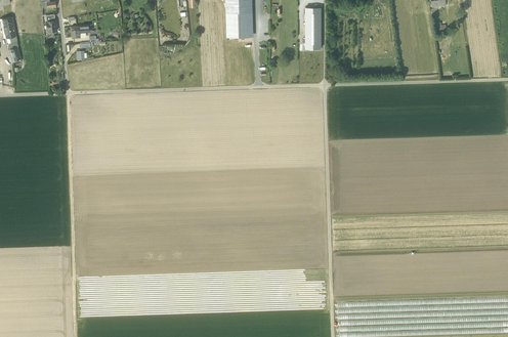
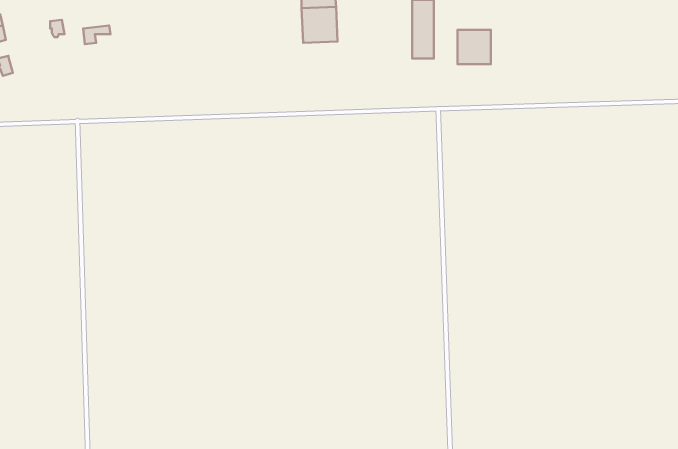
building: none -> [458,30,491,64]

